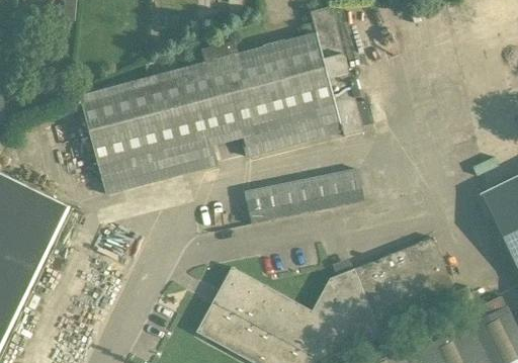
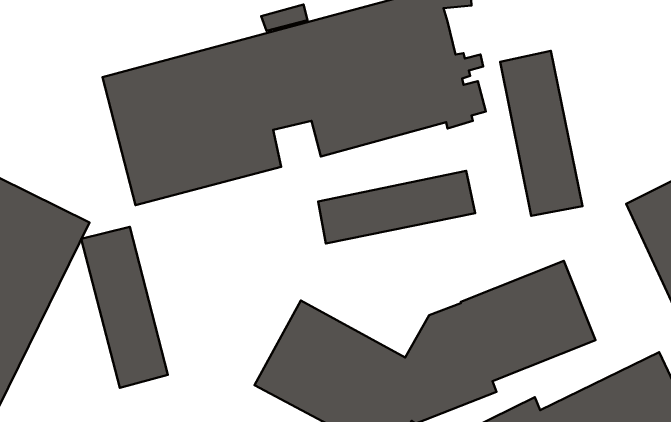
building: none -> [500,51,582,216]
building: none -> [81,227,168,388]

